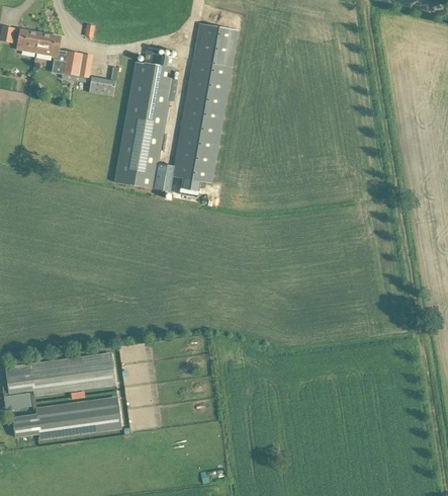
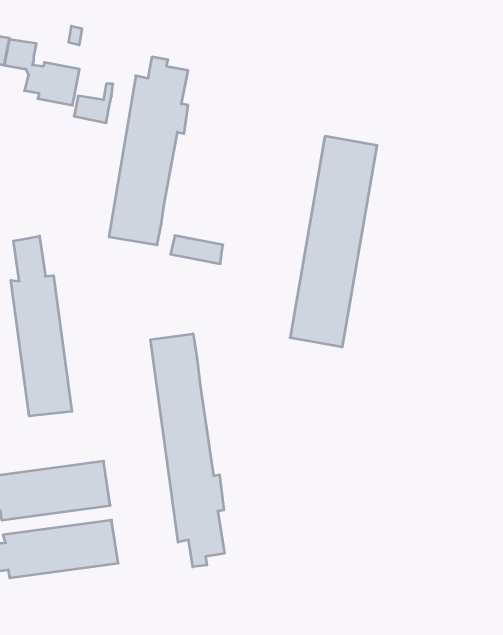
building: [172,23,238,182] -> [290,136,377,347]
building: none -> [11,236,72,416]
building: none -> [151,334,224,567]

